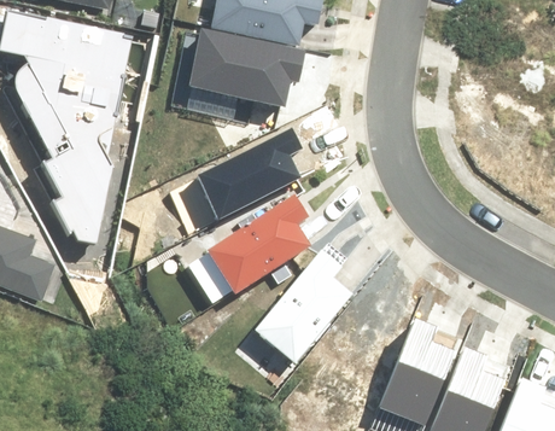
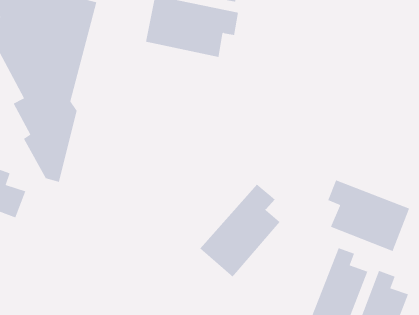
building: [200,129,304,219] -> none
building: [205,194,304,295] -> none
building: none -> [328,180,410,252]

